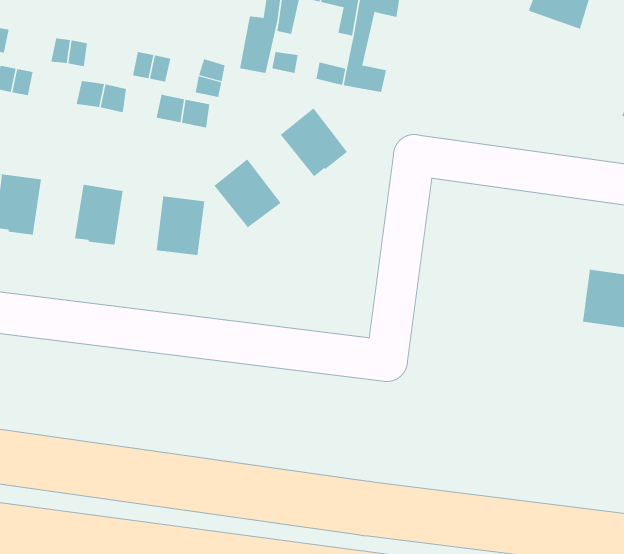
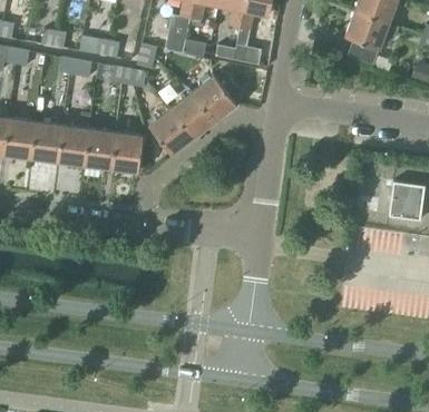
building: none -> [345,12,402,50]
building: none -> [170,94,214,138]
building: none -> [30,122,62,161]
building: none -> [84,130,115,169]

